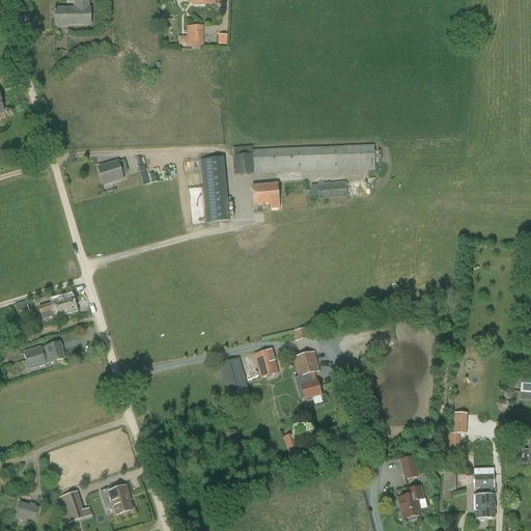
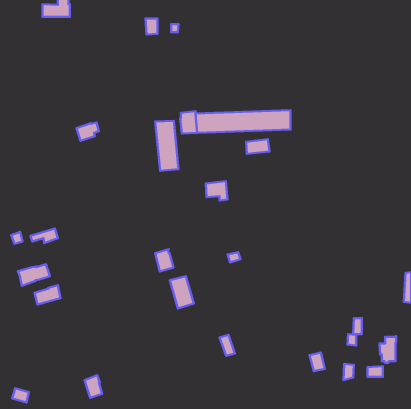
building: [252,181,280,206] -> [206,181,228,200]
building: [254,346,278,375] -> [155,249,174,272]
building: [294,350,322,399] -> none
building: none -> [34,285,60,305]
building: [473,484,495,519] -> [379,336,396,363]
building: [395,485,424,520] -> none
building: [60,488,86,520] -> none

